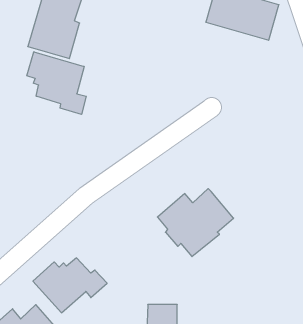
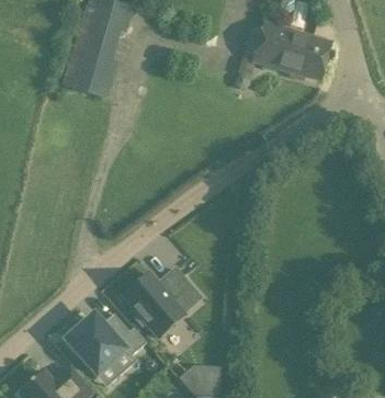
building: [27,52,86,114] -> none
building: [157,189,234,257] -> [120,265,202,339]

